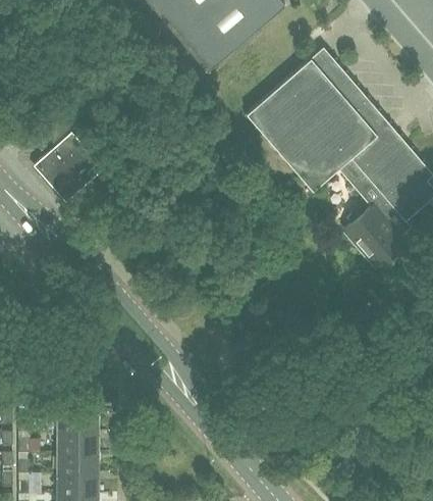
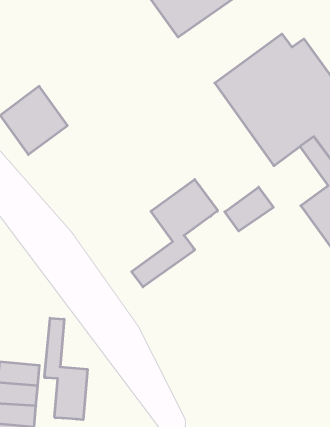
building: none -> [132,179,217,287]
building: none -> [225,187,273,231]
building: none -> [44,318,87,420]

